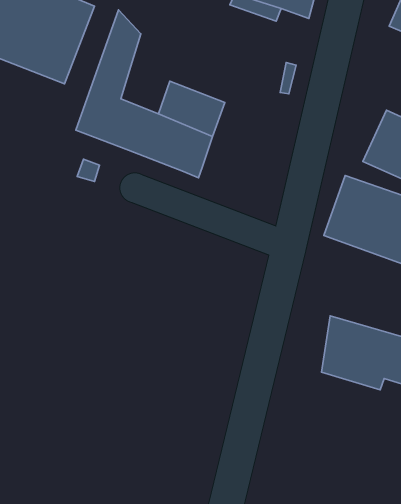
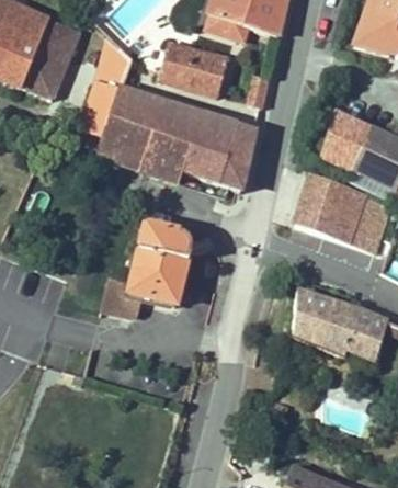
building: none -> [155,34,231,90]
building: none -> [113,78,156,120]
building: none -> [184,110,254,188]
building: none -> [98,218,187,313]

